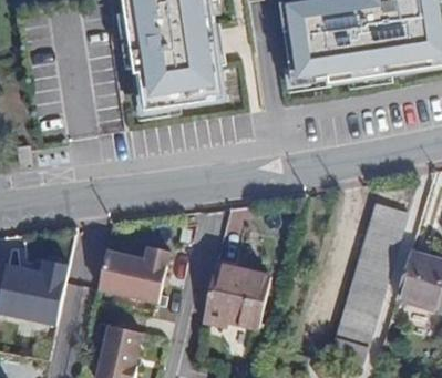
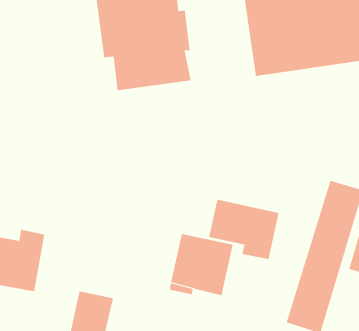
building: none -> [208,199,279,260]
building: [96,243,169,303] -> none

